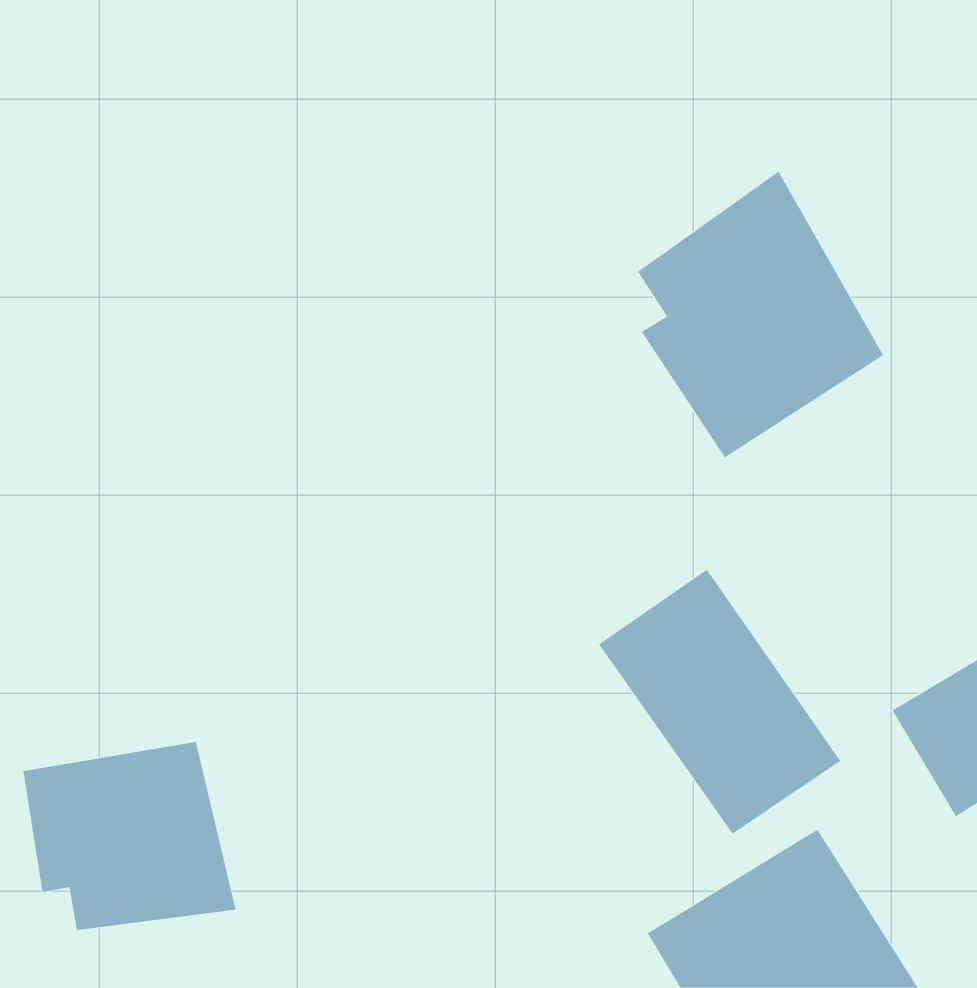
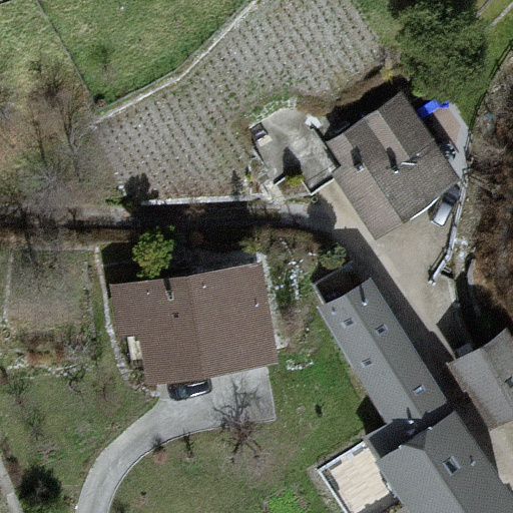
building: none -> [116,259,282,383]
building: [23,741,236,931] -> none

